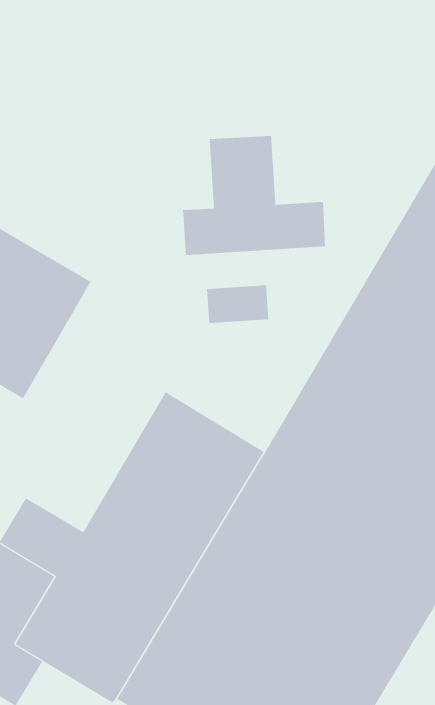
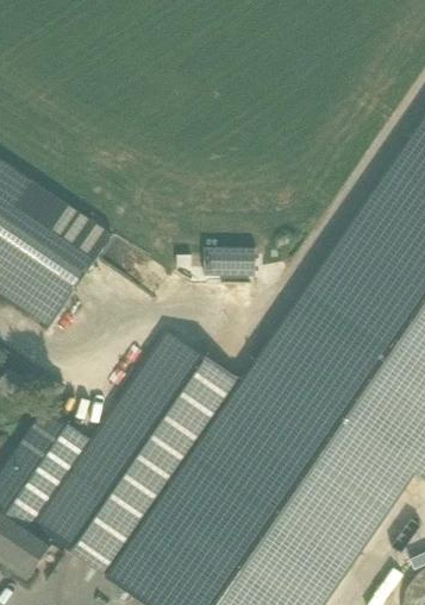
building: [182,135,325,256] -> none

